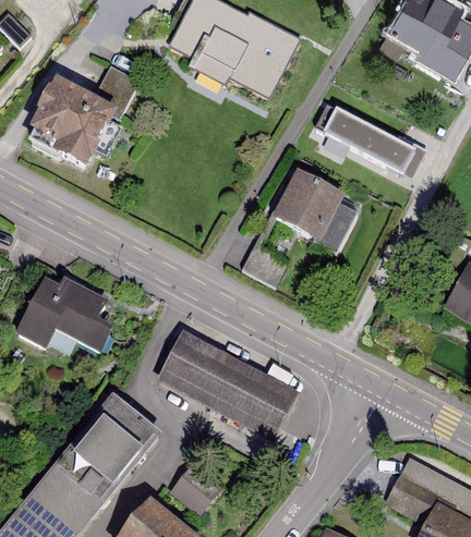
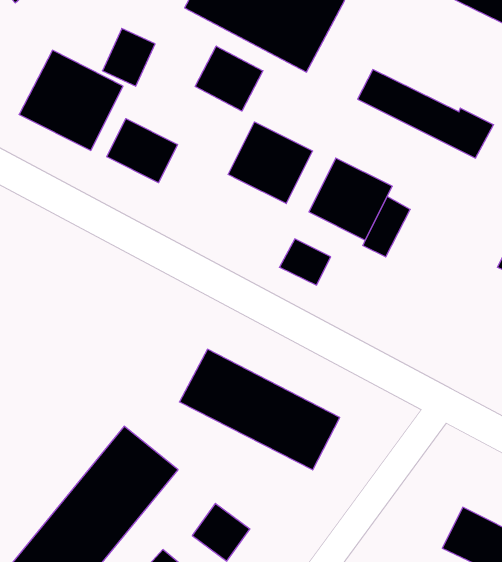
building: none -> [195,46,263,111]
building: none -> [107,119,177,183]
building: none -> [228,122,313,204]
building: [15,270,116,352] -> none

